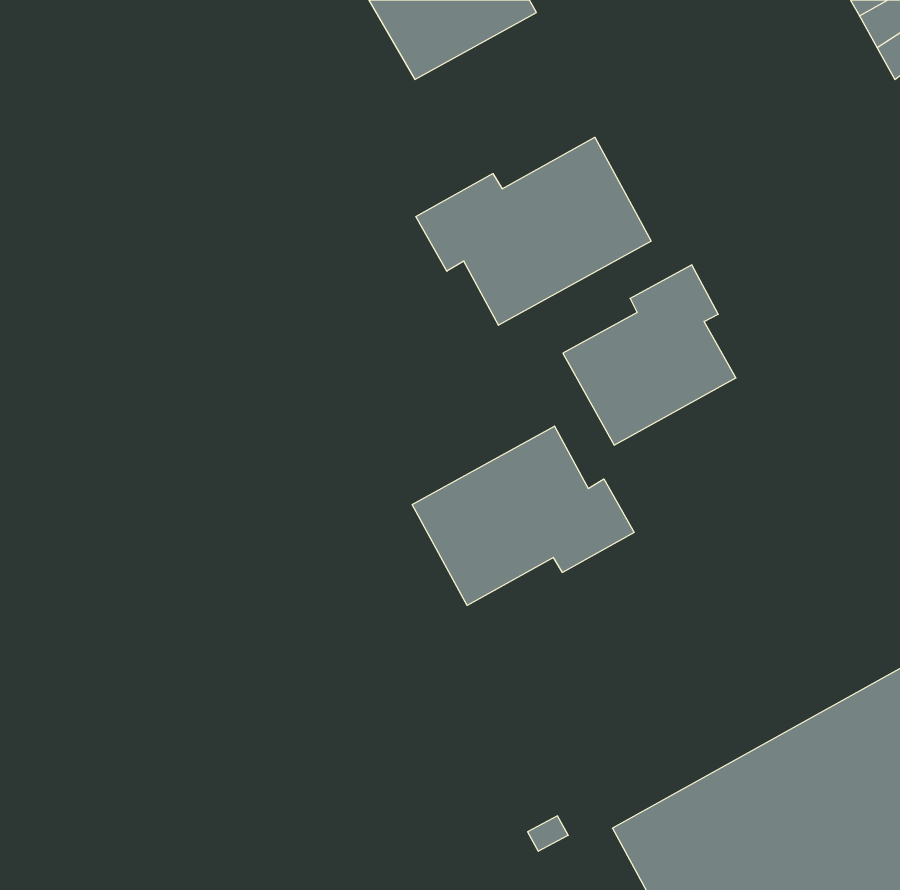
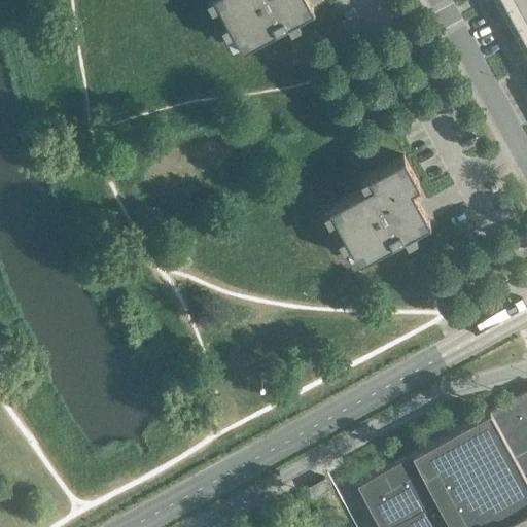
building: [416,137,651,325] -> none
building: [412,426,634,605] -> none

